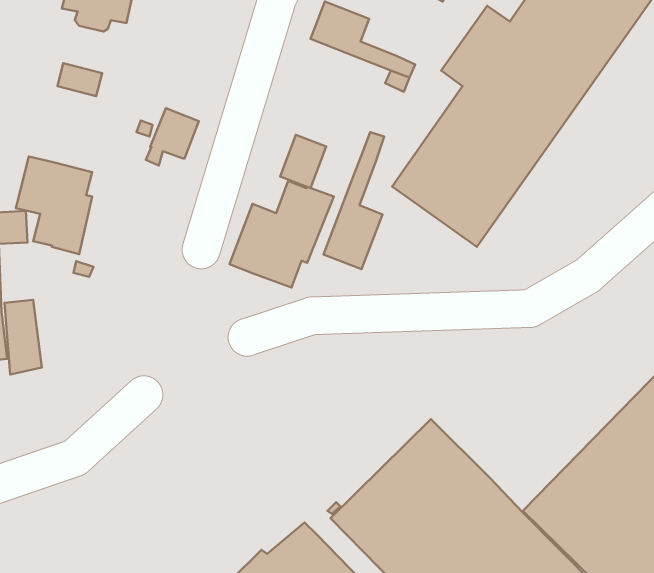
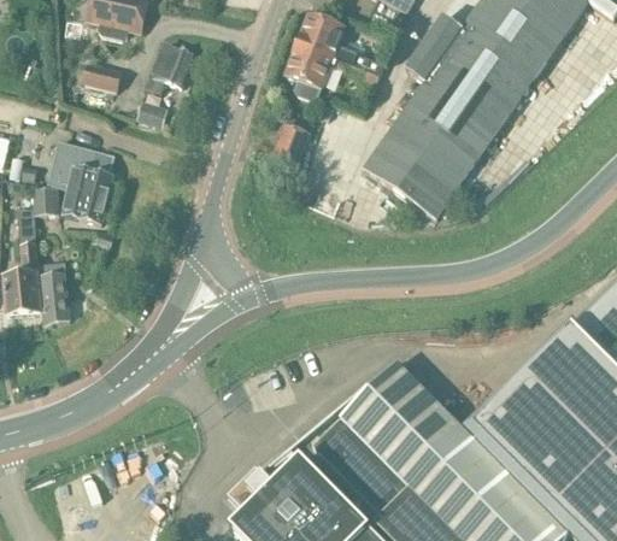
building: none -> [286,42,348,99]
building: [146,108,199,166] -> [151,43,195,92]
building: [323,132,384,269] -> none
building: [230,181,334,288] -> none

